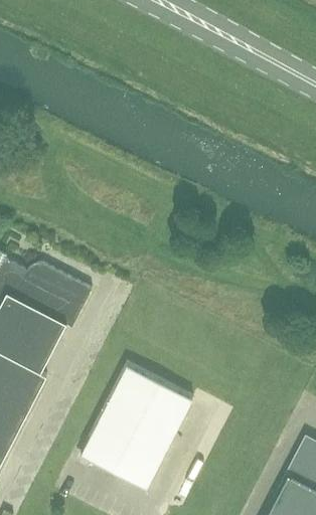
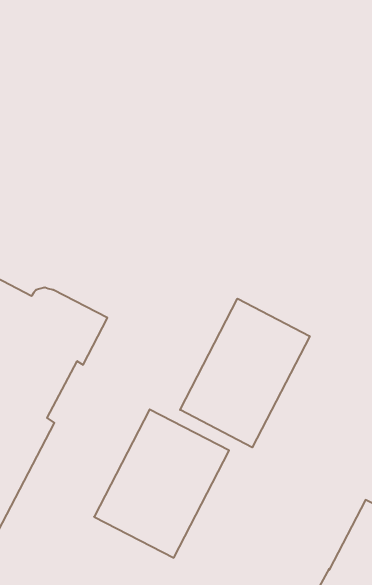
building: none -> [180,299,310,447]

